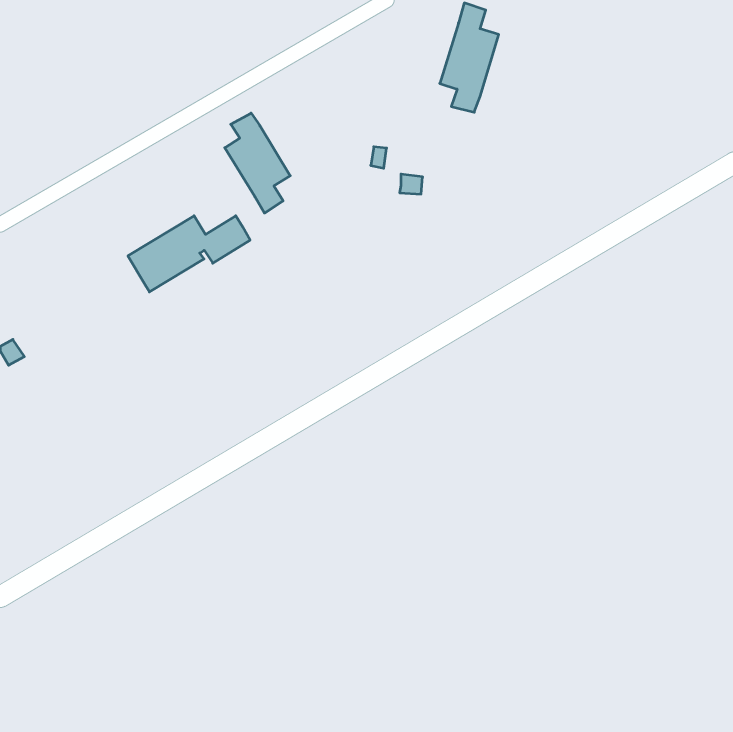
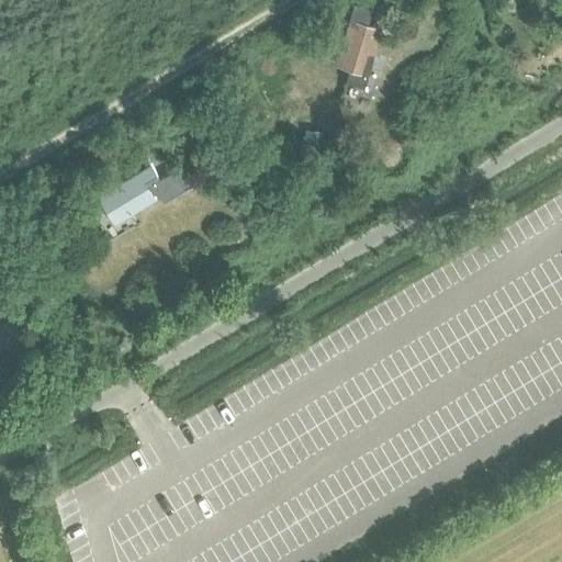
building: [225,113,290,213] -> none

